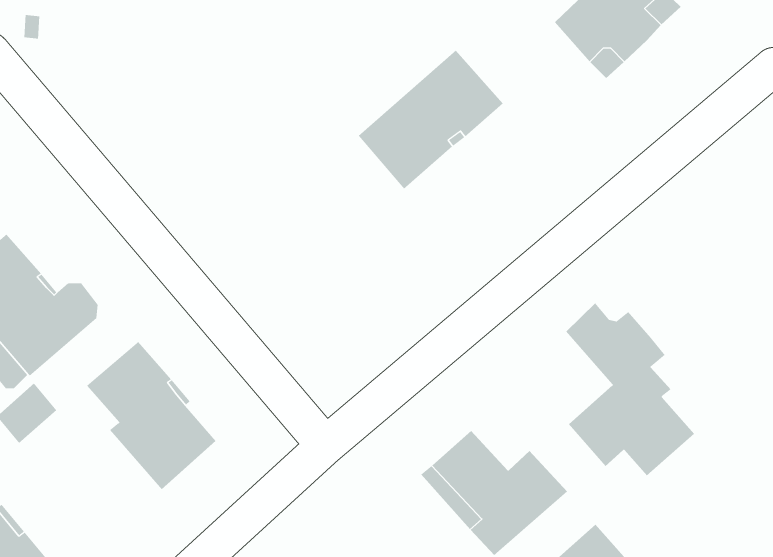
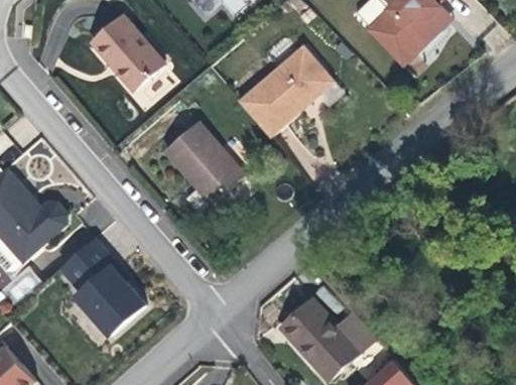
building: none -> [92,19,161,90]
building: none -> [167,125,246,205]
building: [566,303,695,476] -> none

